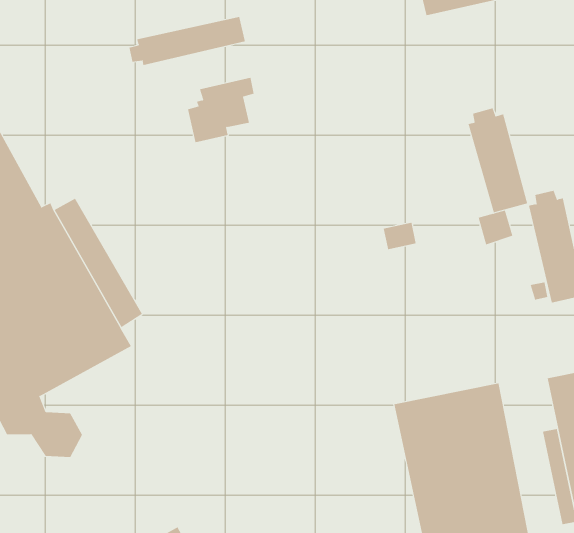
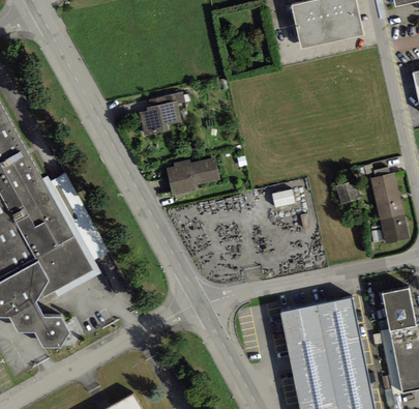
building: [129,16,246,66] -> none
building: [468,108,528,213] -> none
building: none -> [166,156,219,195]

